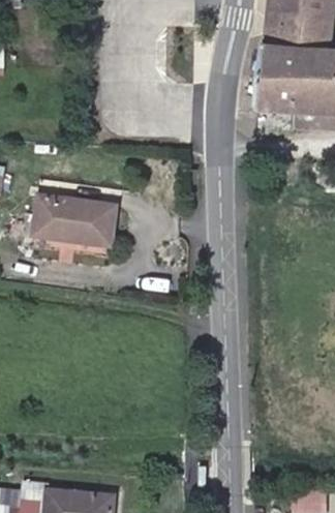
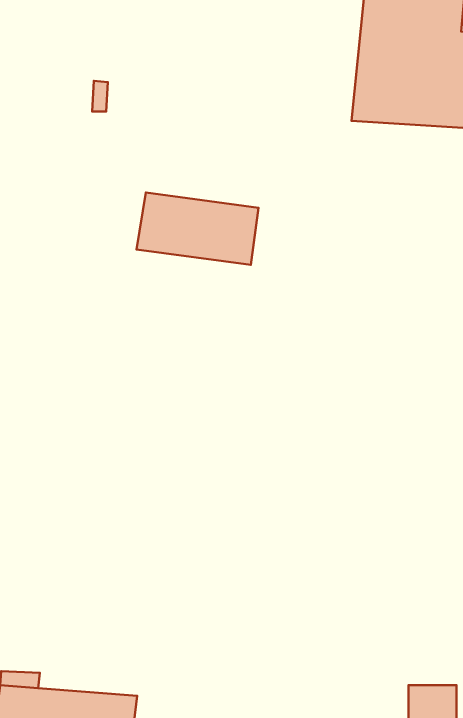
building: [34,197,116,245] -> [137,192,258,265]

